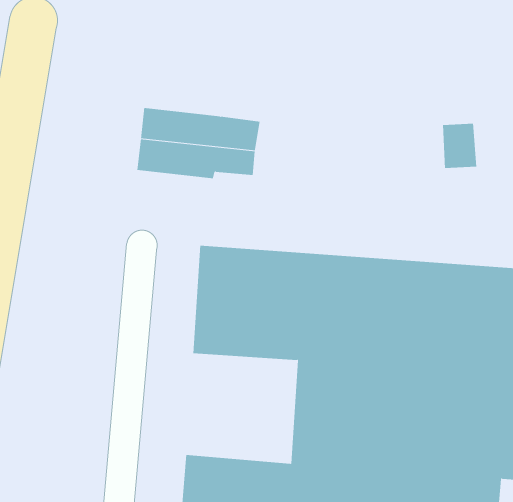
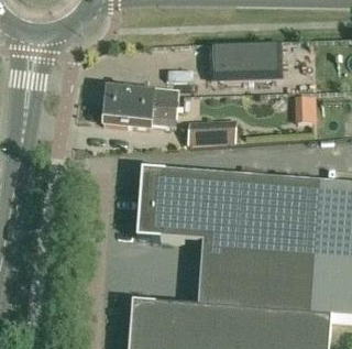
building: none -> [210,41,282,78]
building: none -> [187,117,235,143]

